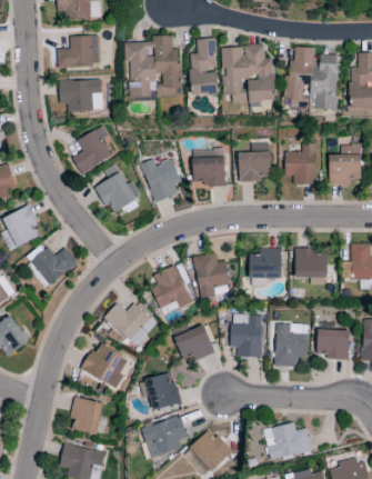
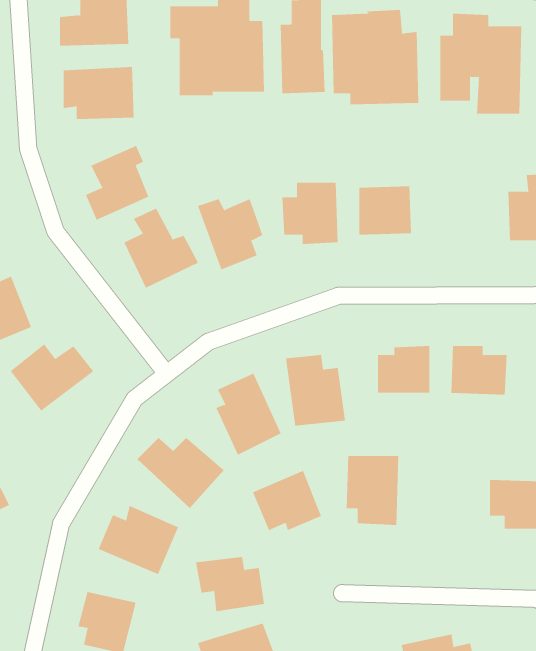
building: [285,143,316,183] -> none
building: [275,323,309,367] -> none

